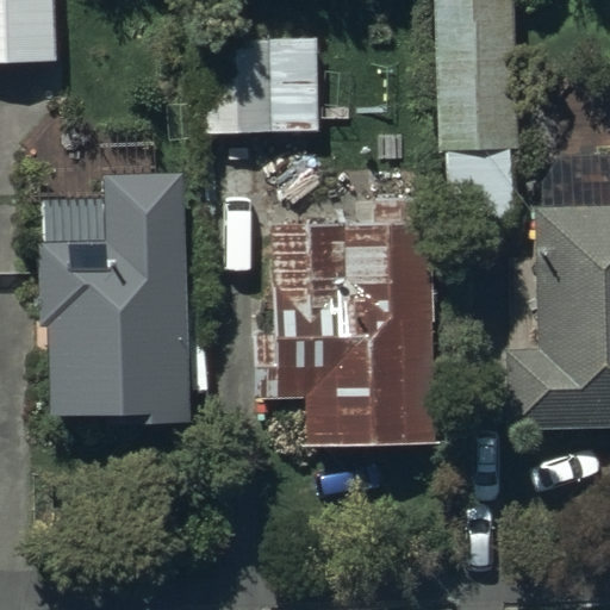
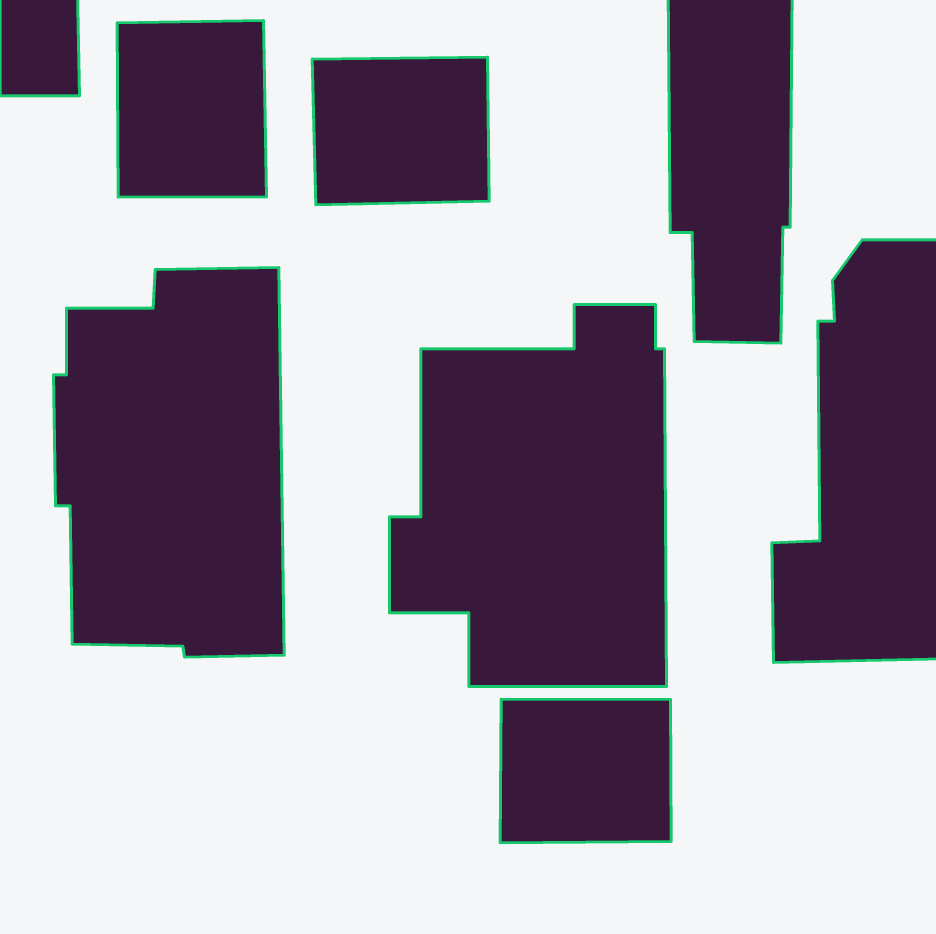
building: none -> [117,21,266,197]
building: none -> [500,699,671,843]

